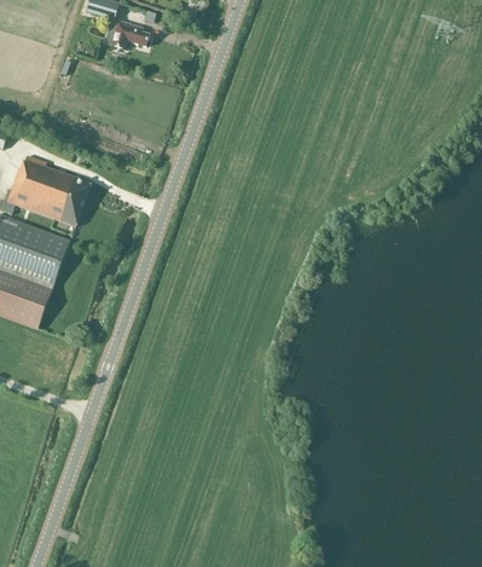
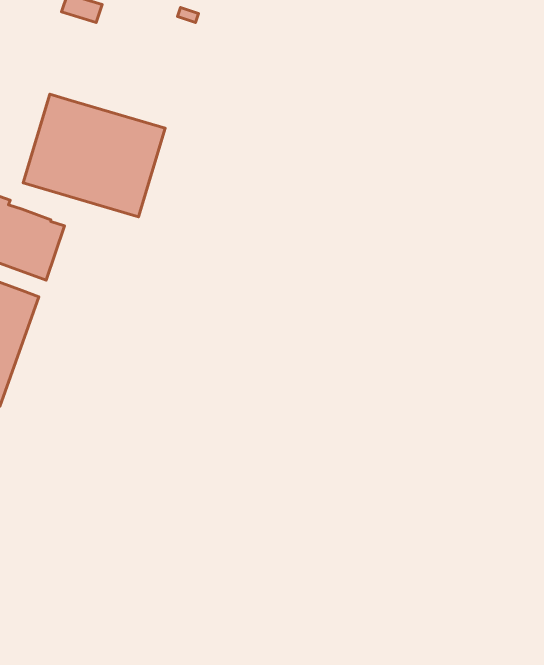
building: [104,21,149,48] -> none
building: none -> [23,94,165,217]

